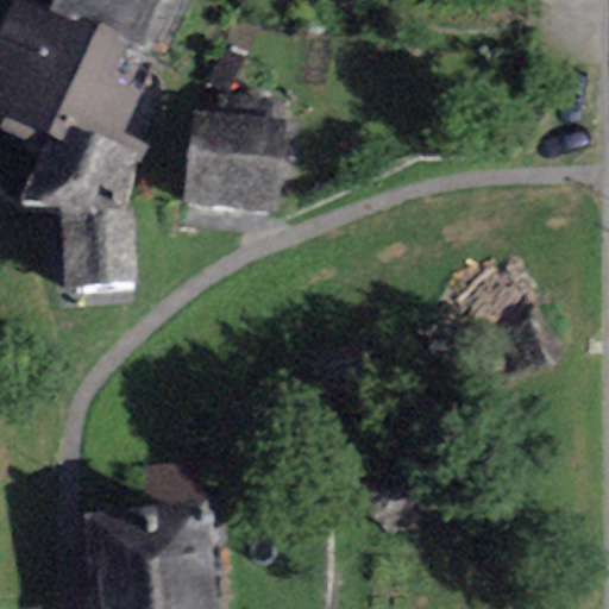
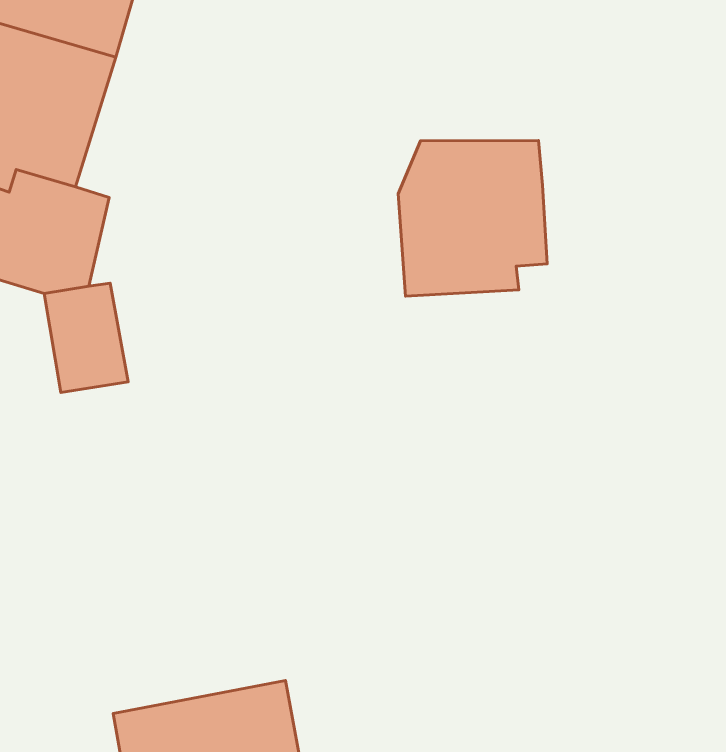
building: [184,114,283,215] -> none
building: none -> [398,141,547,296]

